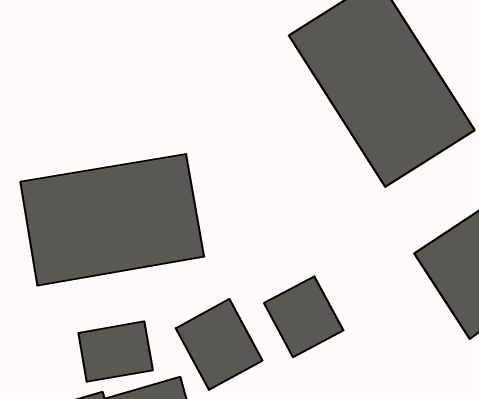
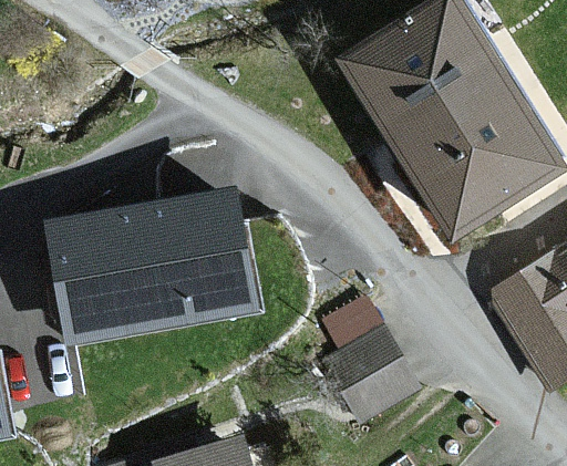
building: [176,299,262,390] -> none
building: [78,321,153,382] -> none

